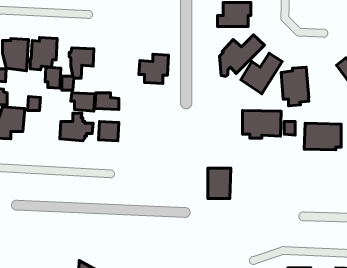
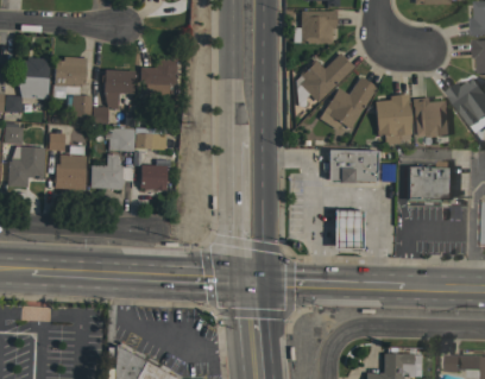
building: [139,54,168,84] -> [139,57,177,95]
building: none -> [414,96,451,137]
building: none -> [55,145,87,189]
building: [208,168,231,199] -> [330,211,360,251]

